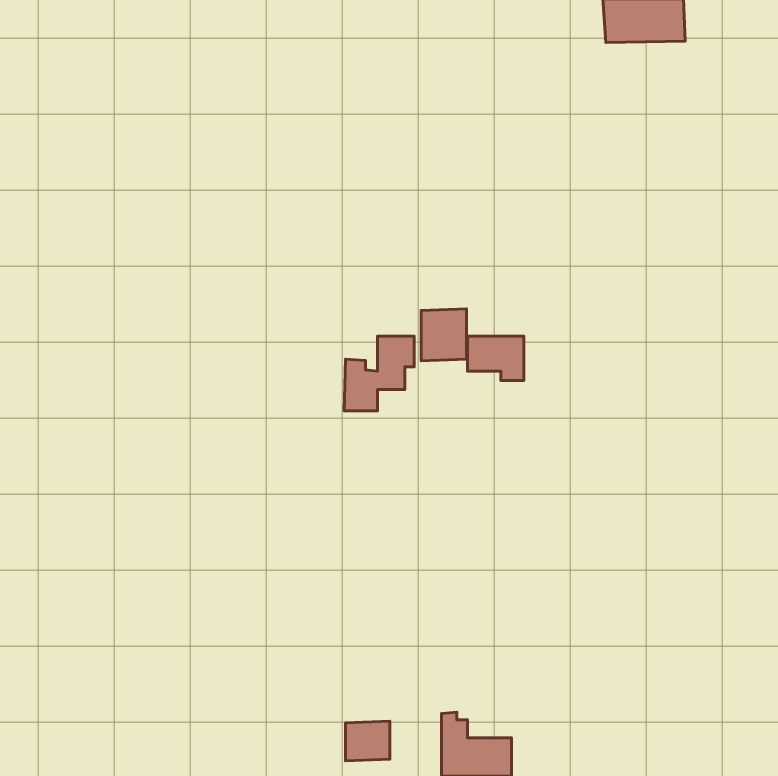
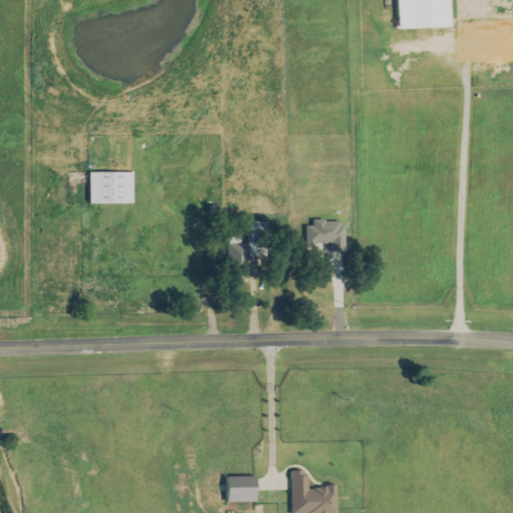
building: none -> [89,172,133,203]
building: [421,309,467,361] -> none

